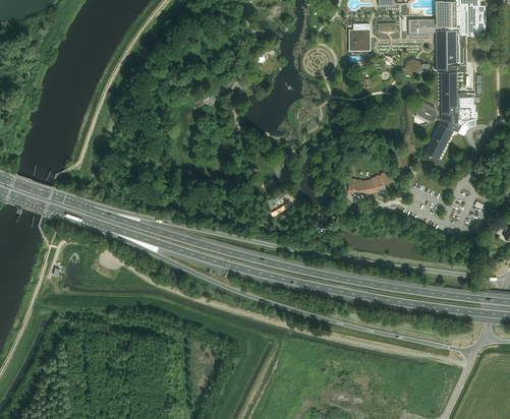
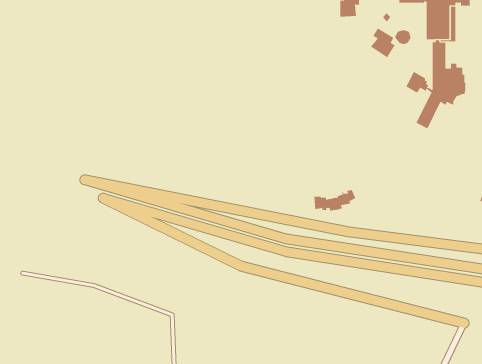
building: none -> [370,28,395,58]
building: [347,172,390,194] -> [314,189,356,212]

